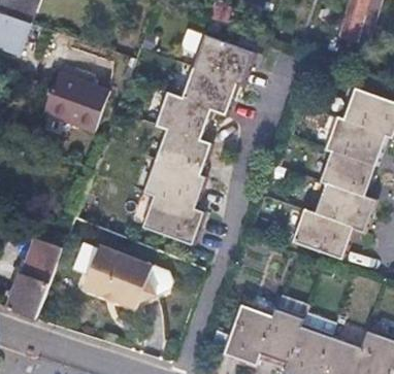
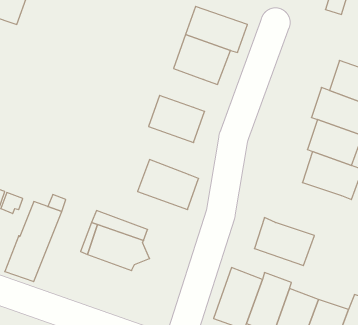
building: [43,70,109,131] -> none
building: [155,93,211,139] -> none
building: [144,159,207,208] -> none
building: [292,211,354,261] -> [254,218,314,266]

